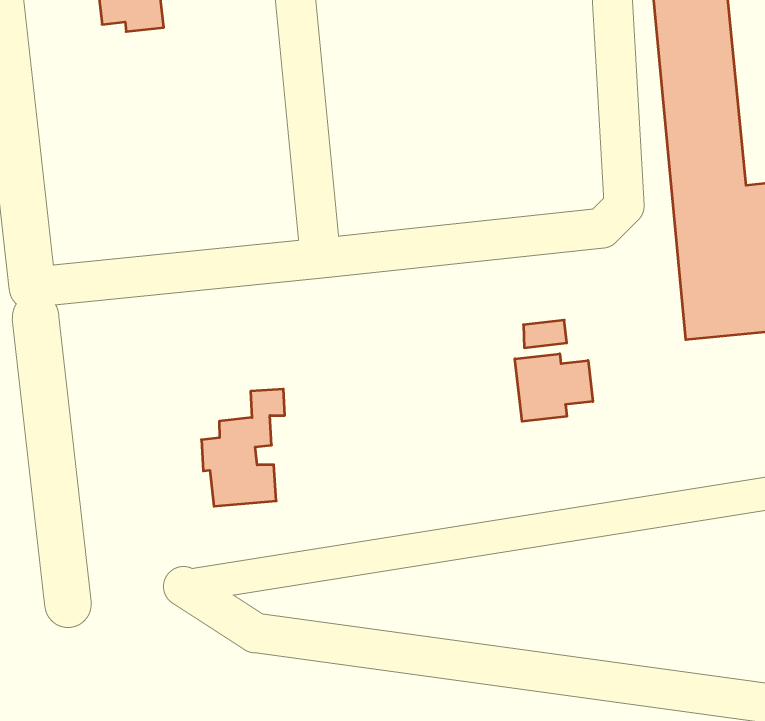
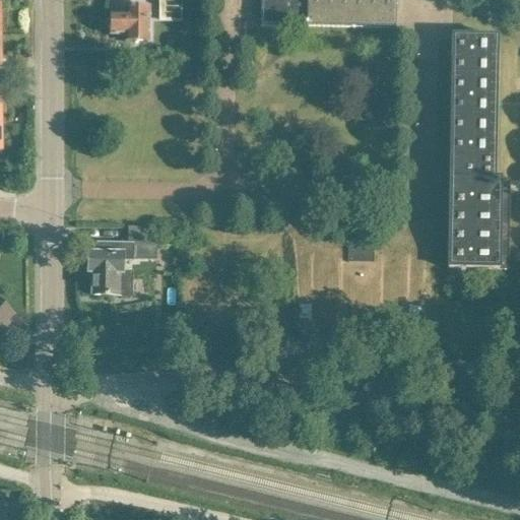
building: [515,354,593,421] -> none
building: [201,389,285,506] -> [88,223,143,292]

